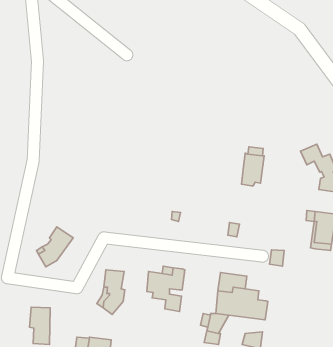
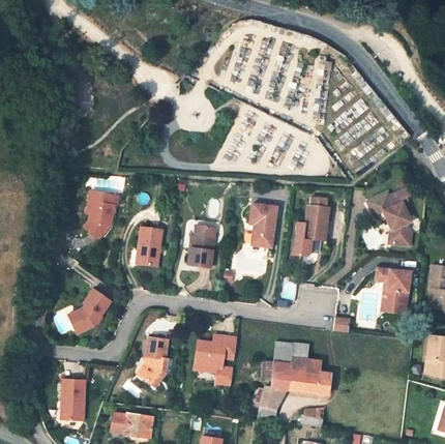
building: none -> [82,190,114,238]
building: none -> [248,203,276,248]
building: none -> [290,221,313,258]
building: none -> [136,223,160,263]
building: none -> [186,224,214,266]

